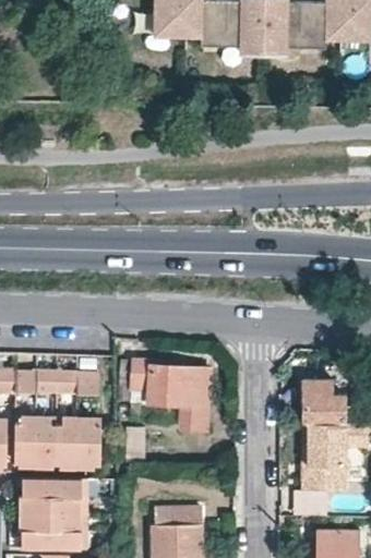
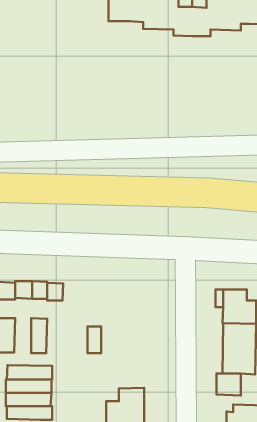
building: [121,361,211,430] -> none
building: [34,417,56,463] -> none
building: [75,418,98,463] -> none

